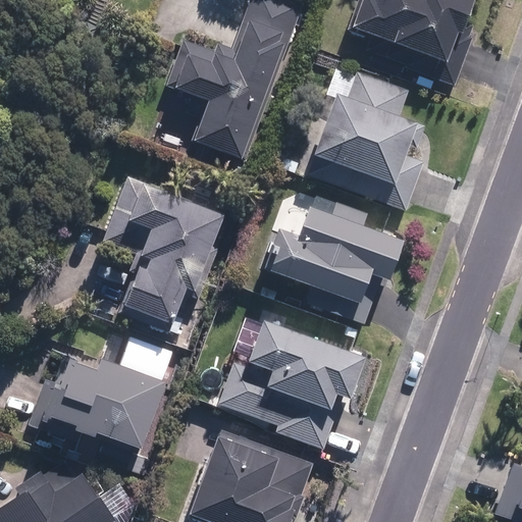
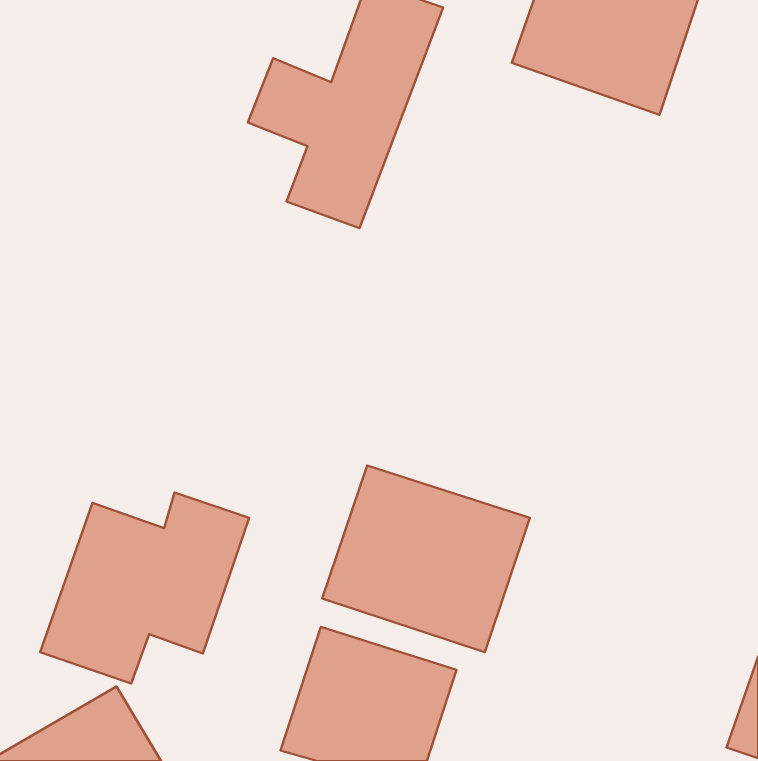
building: [310,70,434,212] -> none
building: [102,175,222,326] -> none
building: [262,205,401,303] -> none

